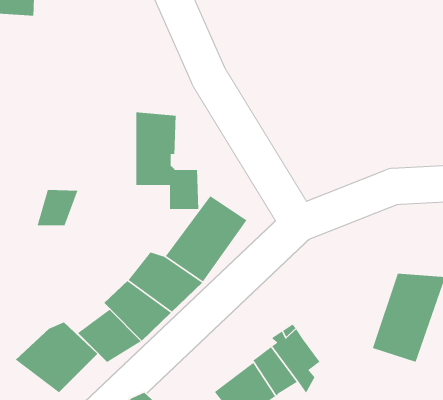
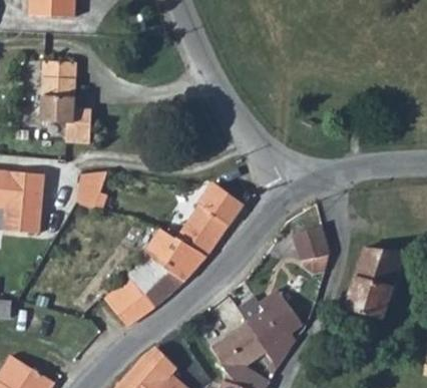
building: [136,112,199,210] -> [46,73,99,155]
building: none -> [295,217,332,255]
building: [15,322,98,393] -> none

